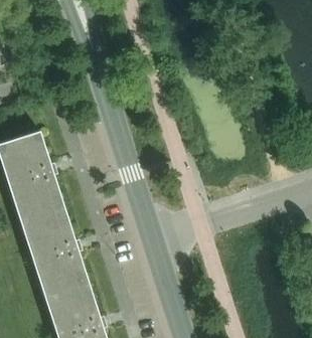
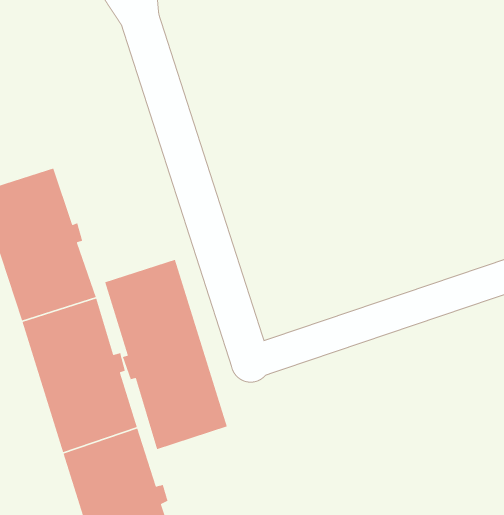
building: none -> [104,259,228,450]

